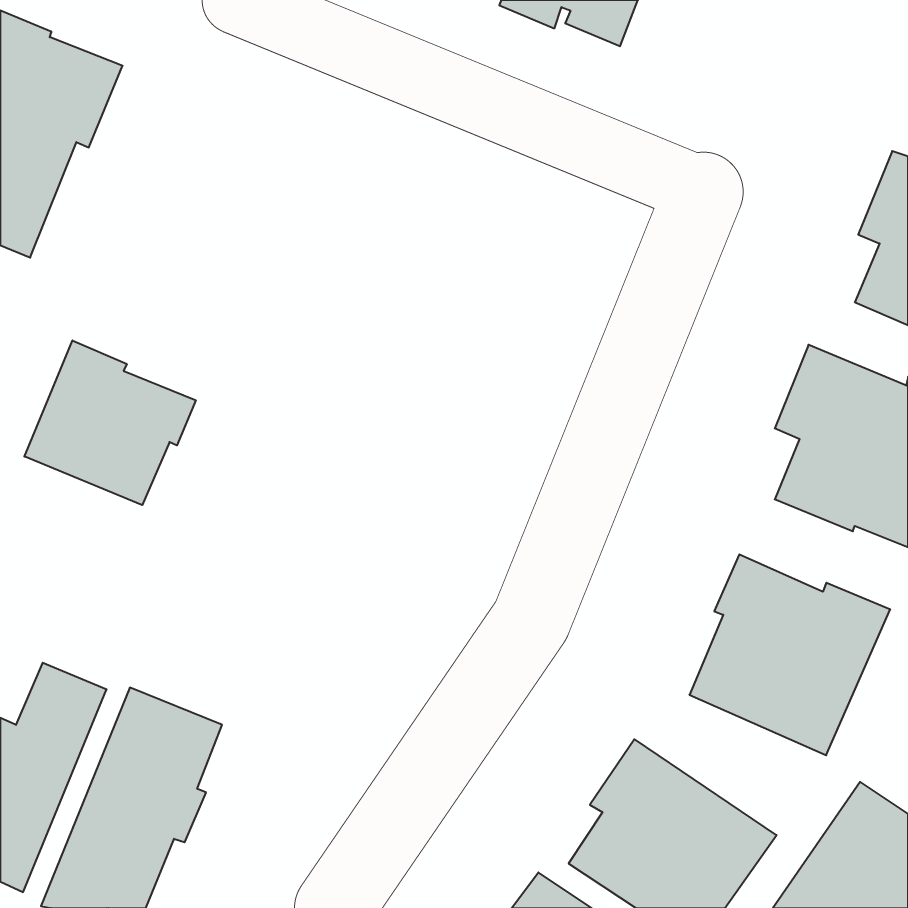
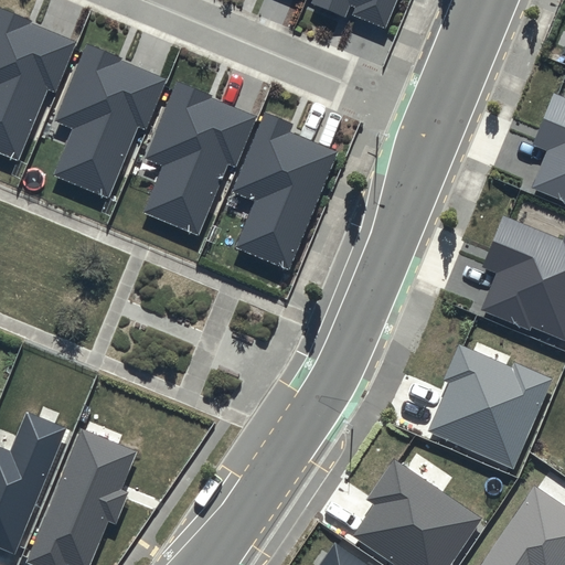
building: none -> [54,43,167,196]
building: none -> [143,81,257,234]
building: none -> [232,113,339,271]
building: [24,340,196,505] -> none

